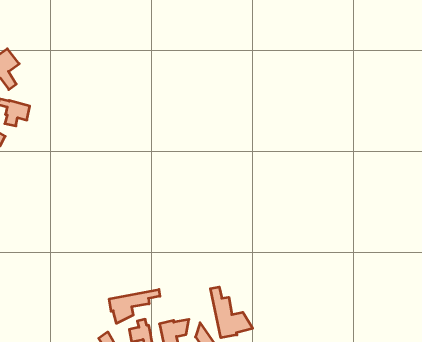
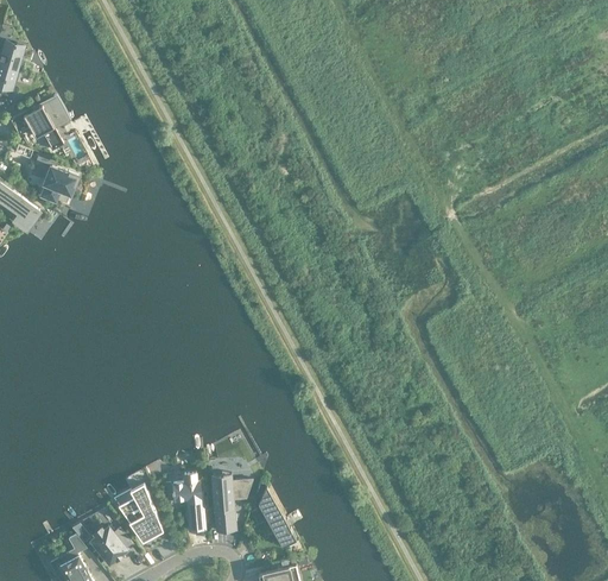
building: [210,287,253,338] -> none
building: [109,289,160,323] -> none

